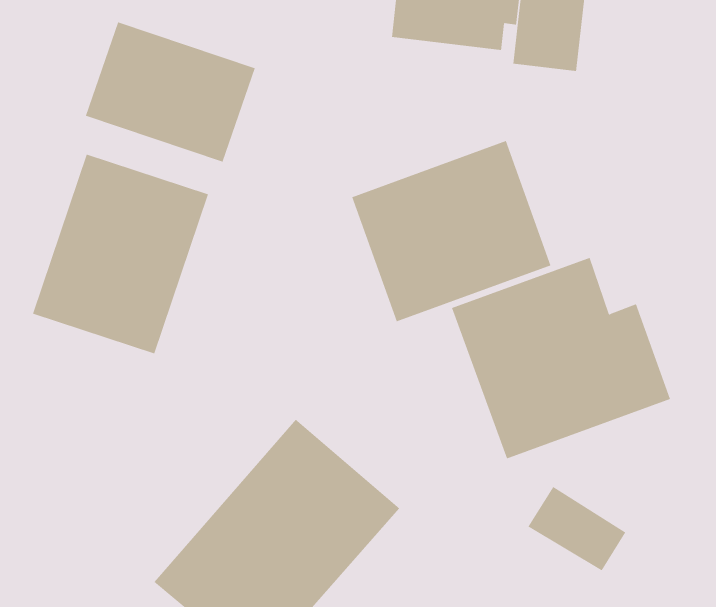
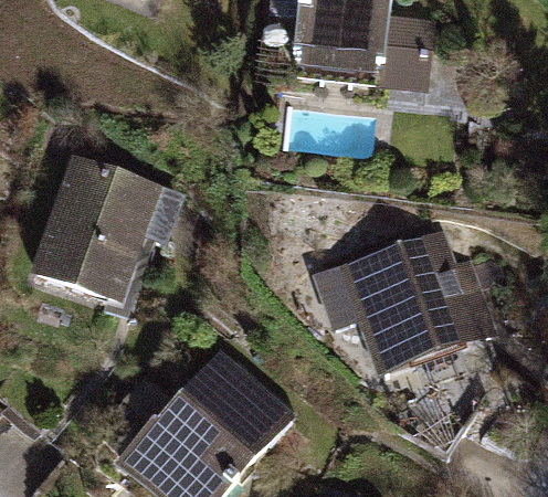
building: [85,22,255,162] -> none
building: [352,140,551,322] -> none

